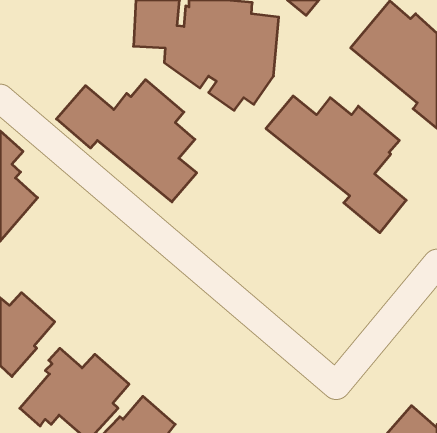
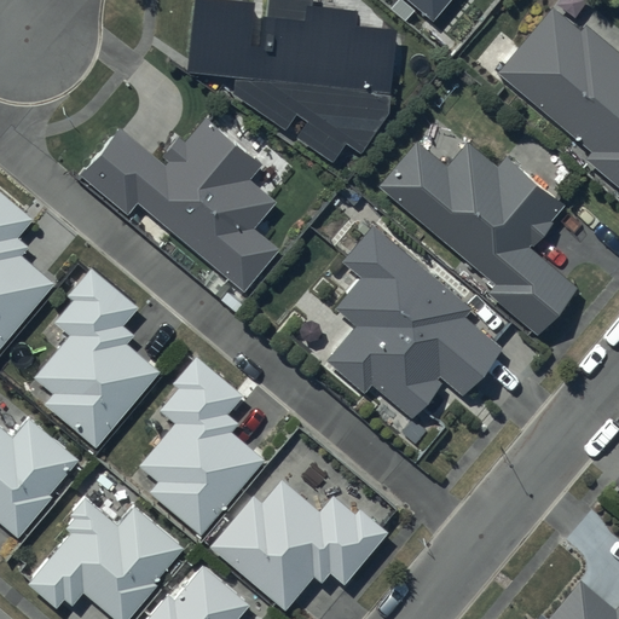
building: none -> [326,226,504,421]
building: none -> [31,266,161,449]
building: none -> [139,355,264,537]
building: none -> [210,480,387,611]

